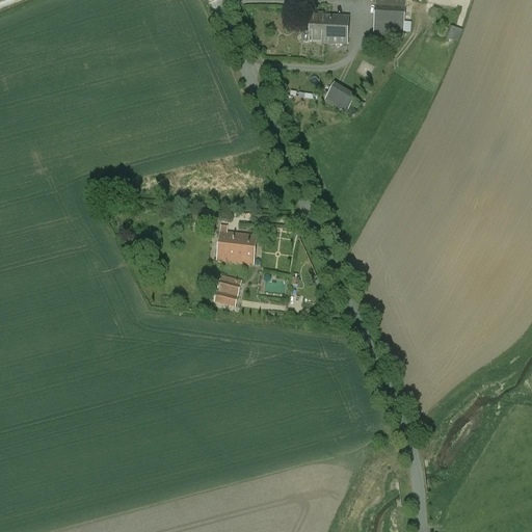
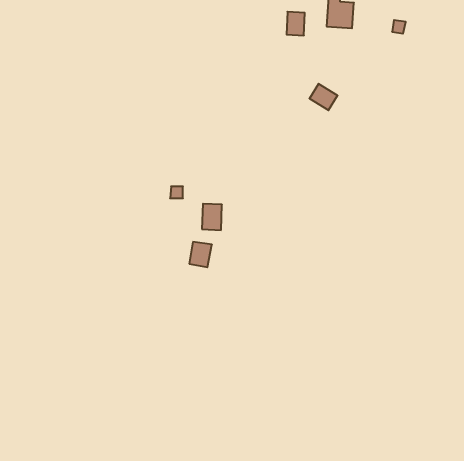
building: [302,12,328,39] -> none
building: [323,80,355,110] -> [309,84,338,110]
building: [216,233,232,262] -> none

